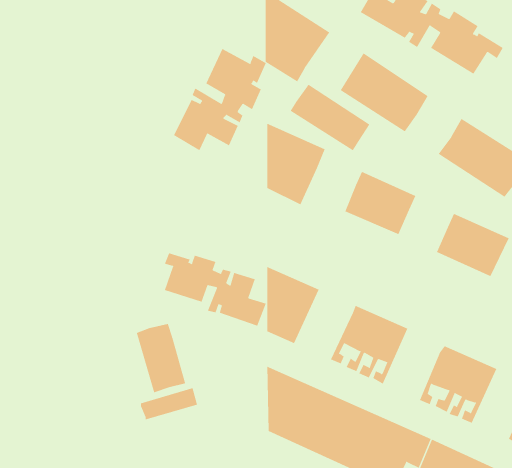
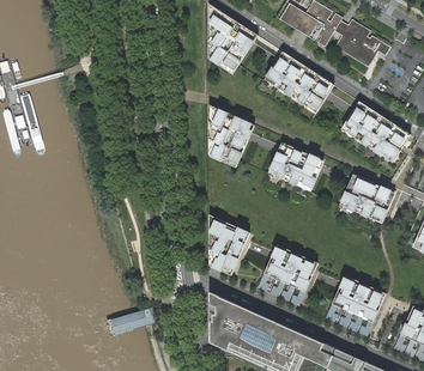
building: [173,48,266,151] -> none
building: [290,84,370,151] -> none
building: [164,253,266,326] -> none
building: [136,323,186,393] -> none

